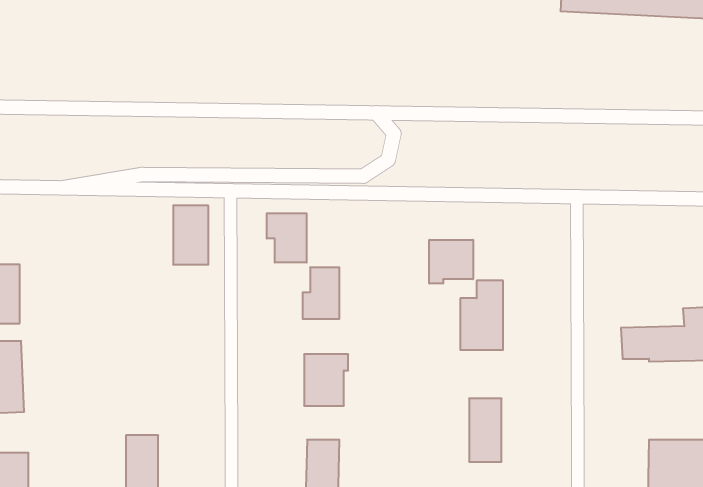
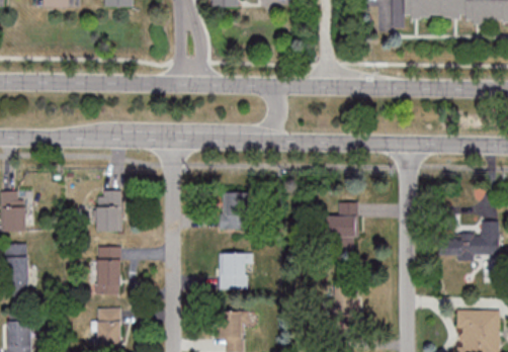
building: [173,206,208,265] -> [96,191,120,232]
building: [267,213,307,263] -> none
building: [429,240,473,284] -> none
building: none -> [96,246,120,293]

